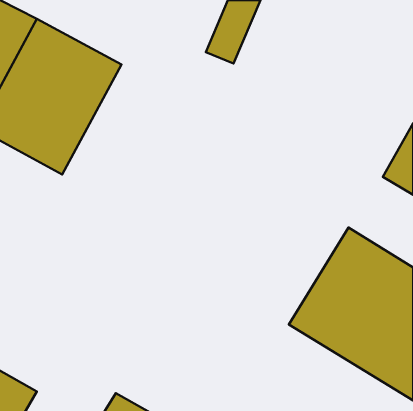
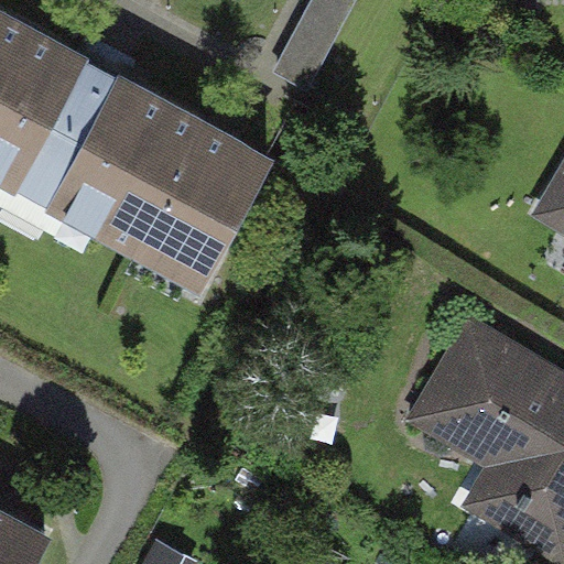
building: none -> [84,95,278,304]

